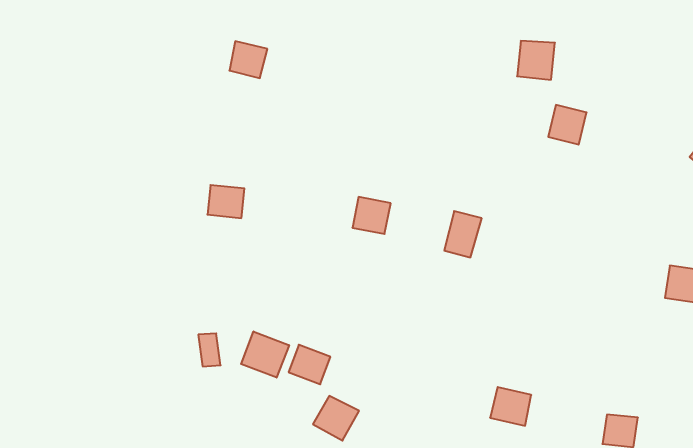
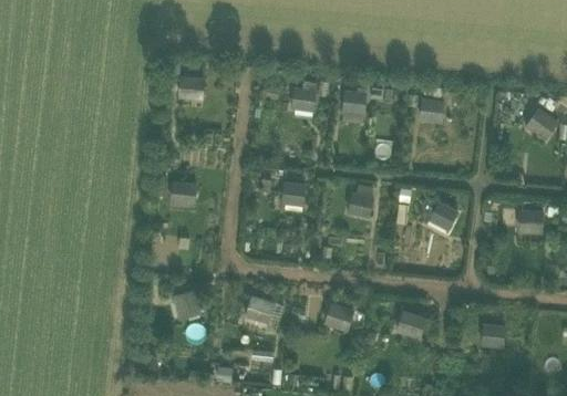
building: [517,41,555,80] -> [342,91,368,118]
building: none -> [290,86,317,113]
building: none -> [427,200,460,233]
building: [241,331,289,378] -> none
building: [313,396,359,441] -> [322,303,355,335]

